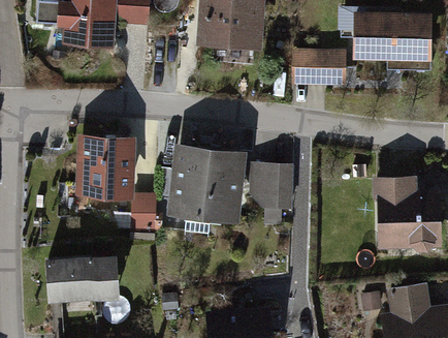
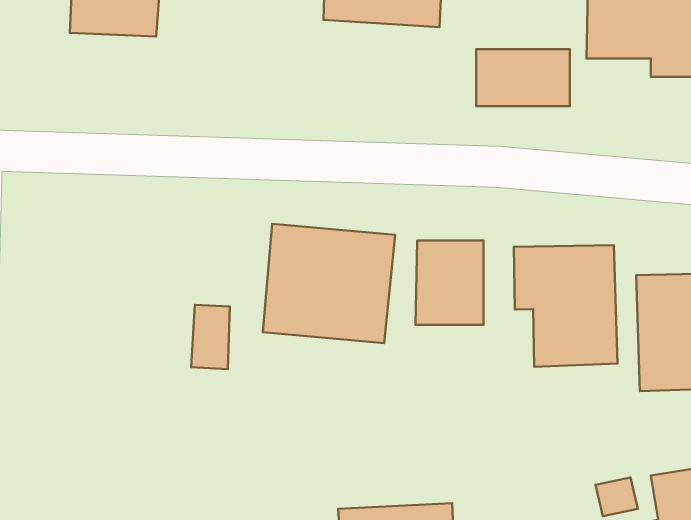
building: [73,141,125,196] -> none
building: none -> [514,245,617,367]
building: [42,257,111,302] -> none

